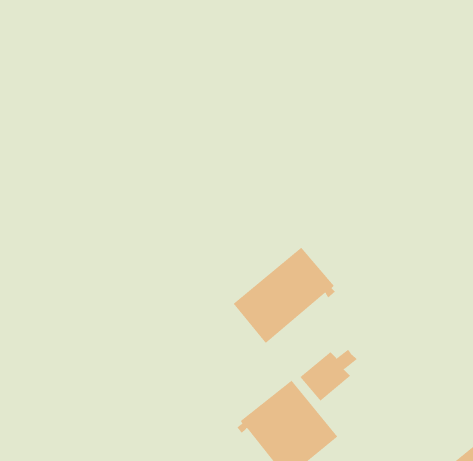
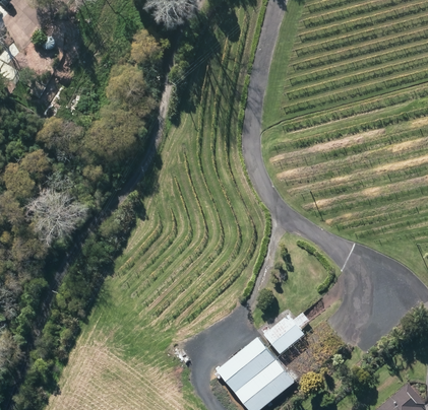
building: [233,247,336,344] -> none

